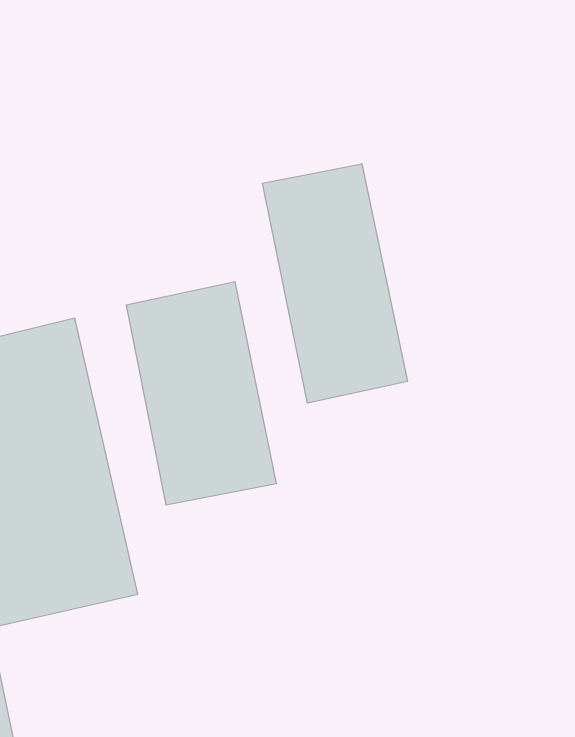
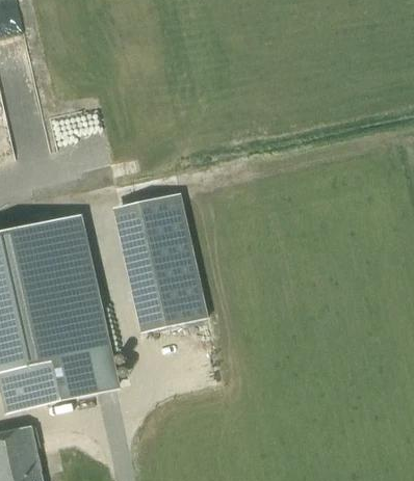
building: [262,164,407,403] -> none

